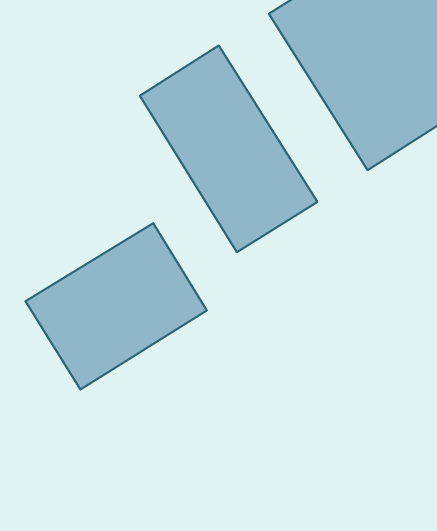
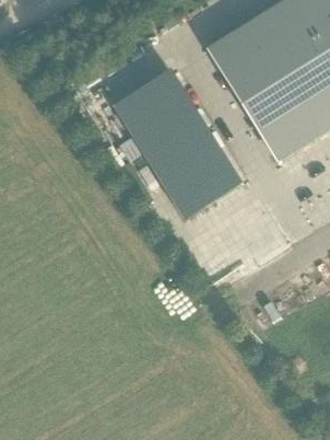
building: [25,223,207,390] -> none

